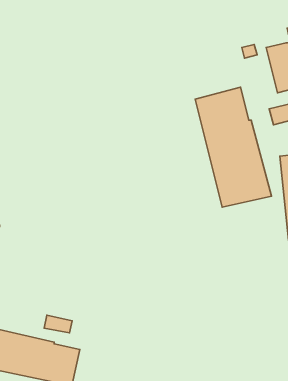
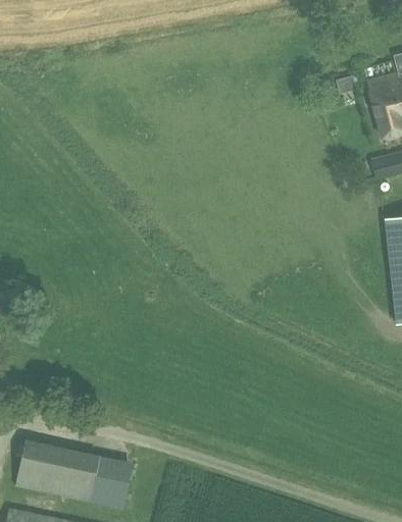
building: [195,87,272,207] -> none
building: [44,315,72,333] -> none

